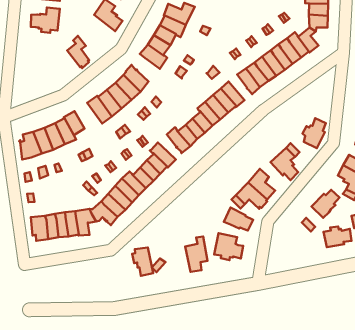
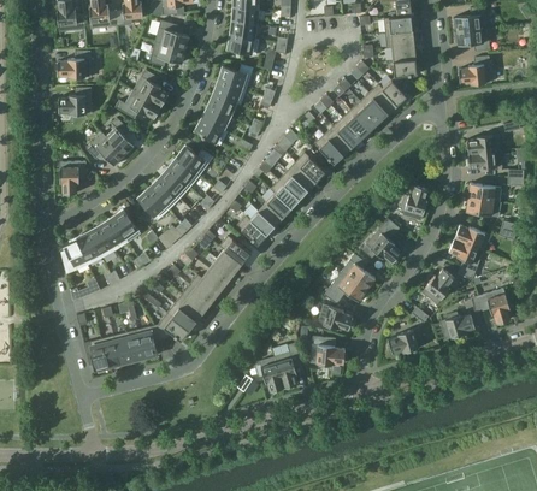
building: none -> [117,89,163,118]
building: none -> [88,132,125,165]
building: none -> [61,160,88,193]
building: none -> [389,326,425,353]
building: [132,248,153,276] -> [258,356,285,391]

